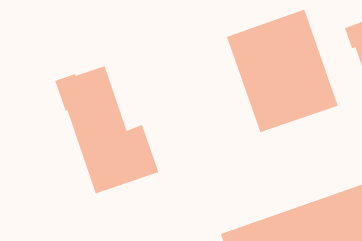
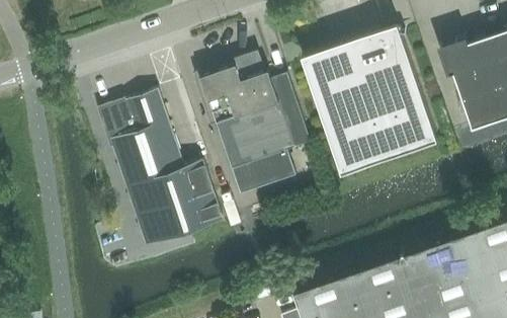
building: none -> [200,60,312,195]

